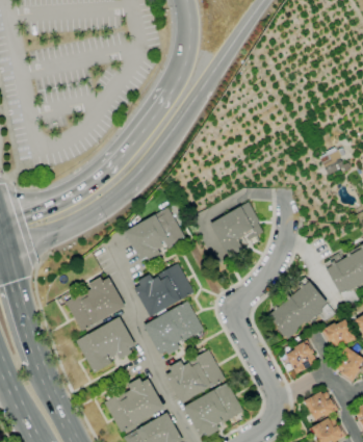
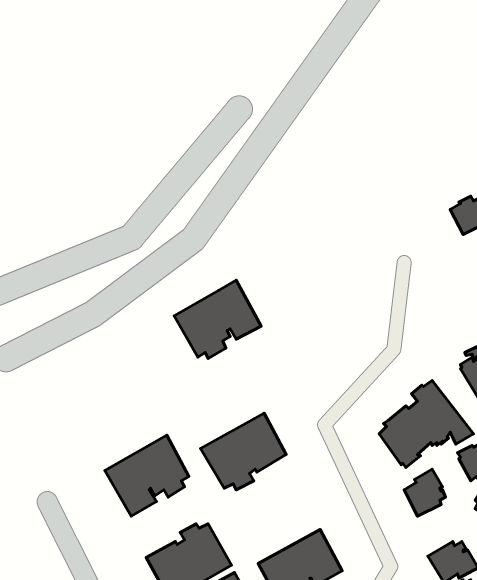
building: [211,203,263,258] -> none
building: [135,263,195,317] -> none
building: [66,278,125,331] -> none
building: [166,349,226,404] -> none

